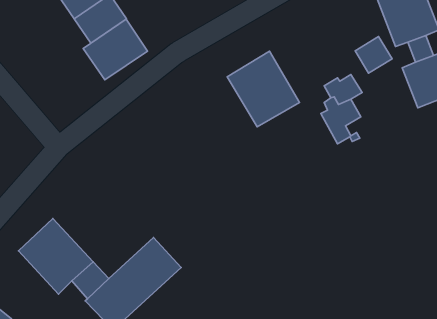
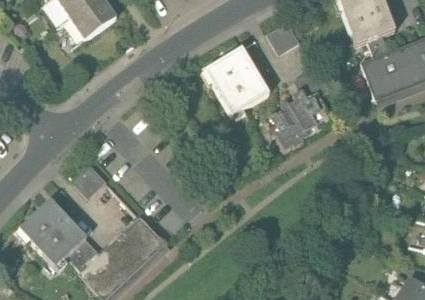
building: [83,19,147,80] -> none
building: [355,36,392,73] -> [267,20,300,53]
building: none -> [275,101,307,149]
building: none -> [70,162,106,197]

